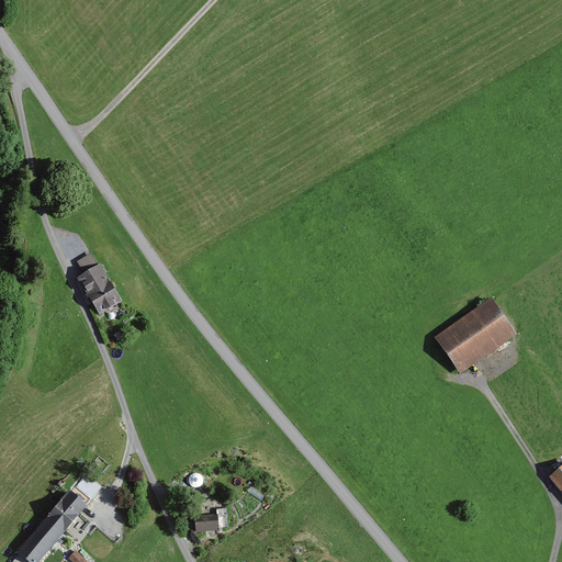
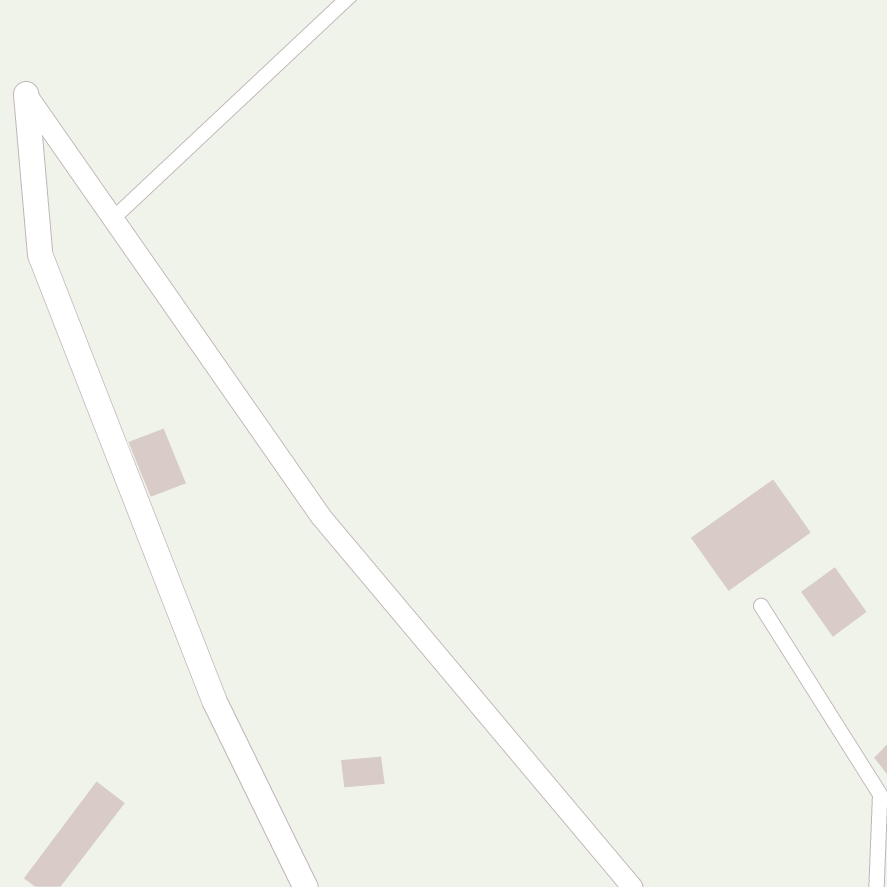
building: none -> [800,566,868,638]
building: [194,510,223,530] -> [340,756,385,788]

